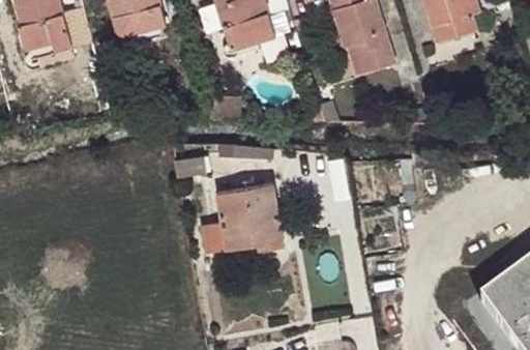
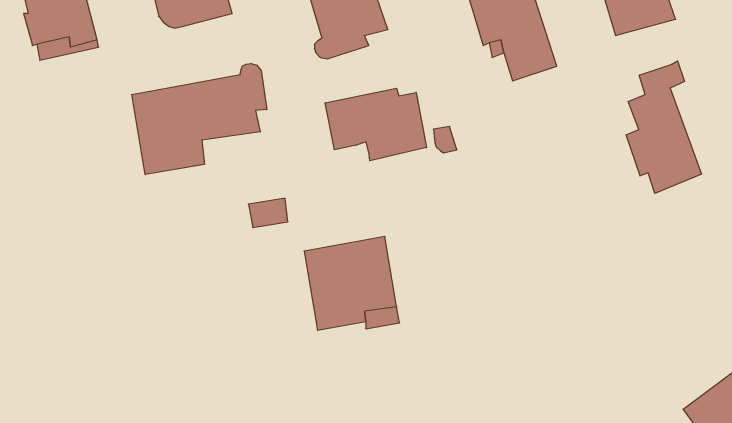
building: none -> [626,61,702,193]
building: none -> [132,63,267,175]
building: none -> [325,88,426,161]

